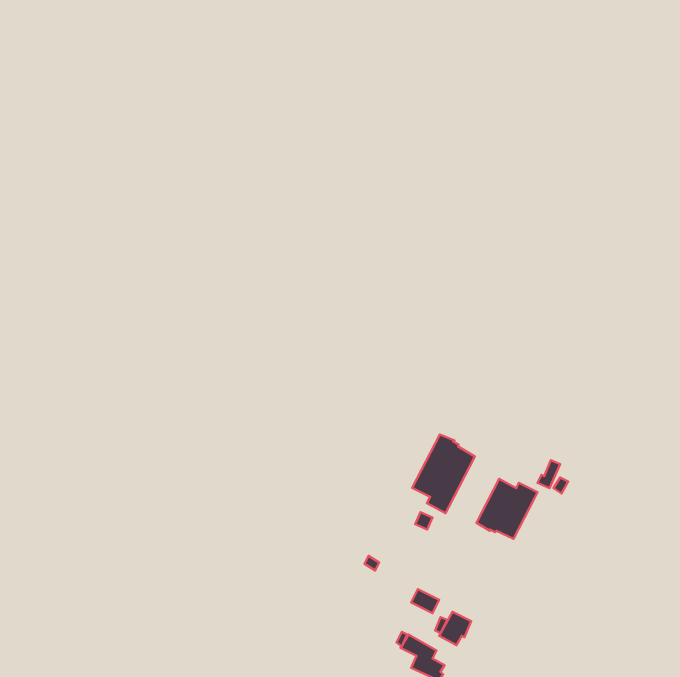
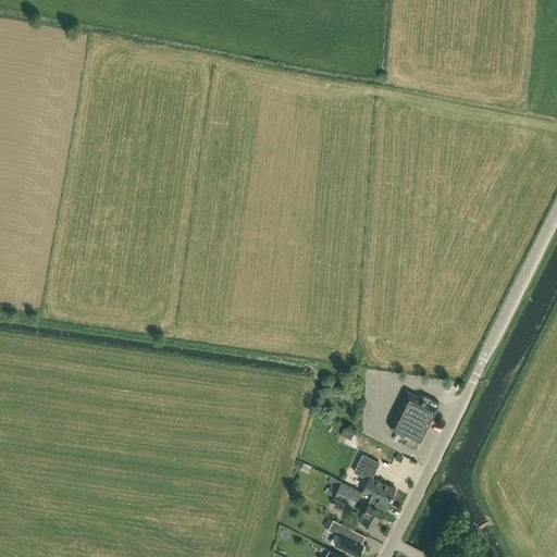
building: [412,434,475,513] -> none
building: none -> [354,456,396,510]

